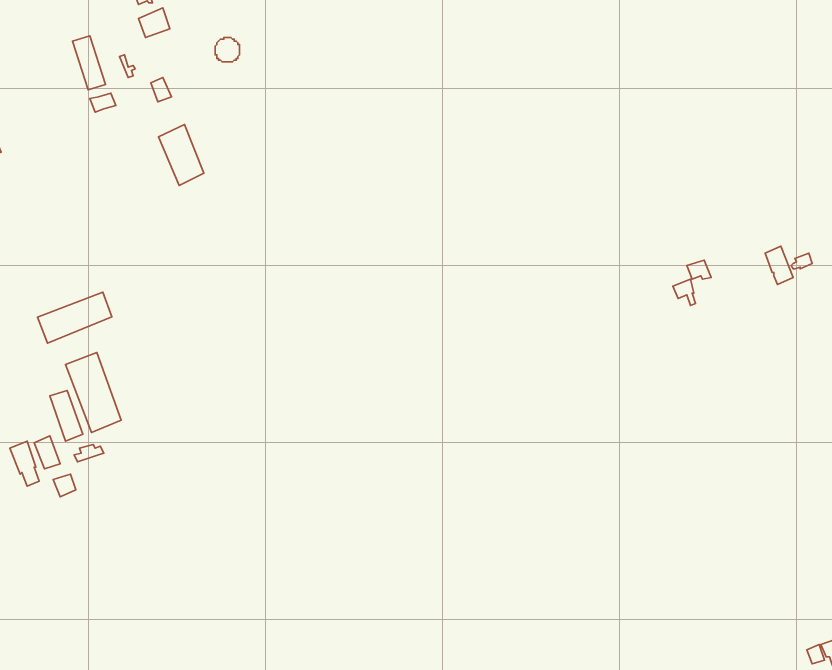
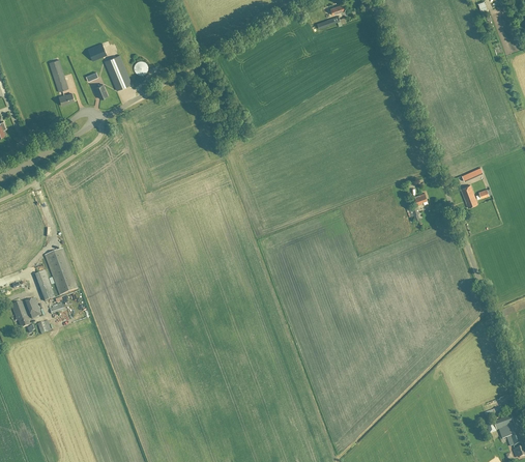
building: [158,125,204,185] -> [105,54,132,90]
building: [38,292,112,343] -> none

